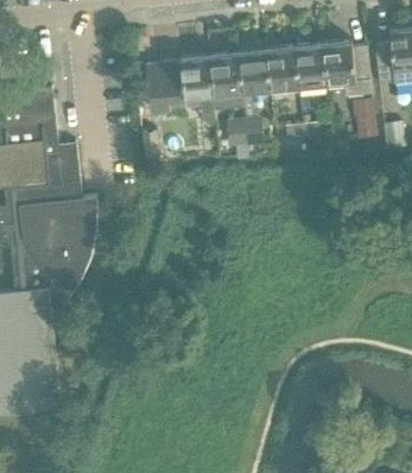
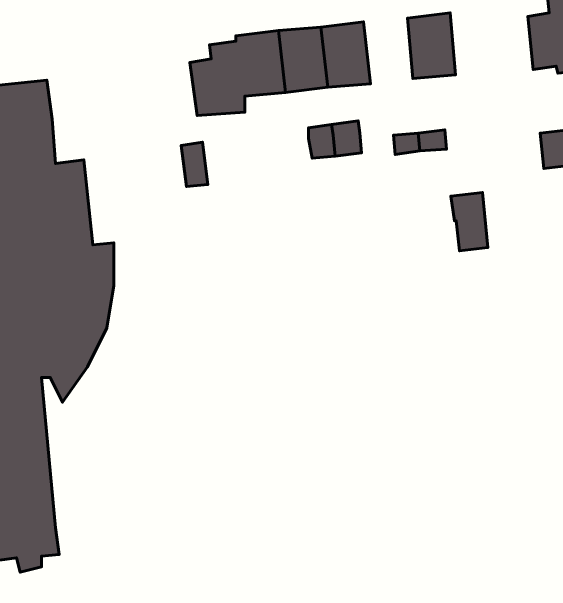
building: [323,42,372,97] -> none
building: [265,48,298,92] -> none
building: [351,100,376,139] -> [451,193,488,251]

